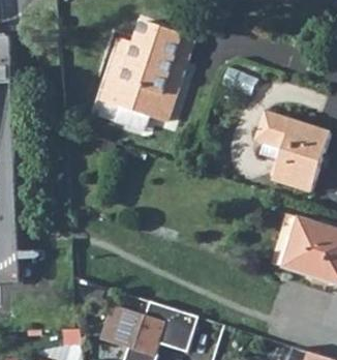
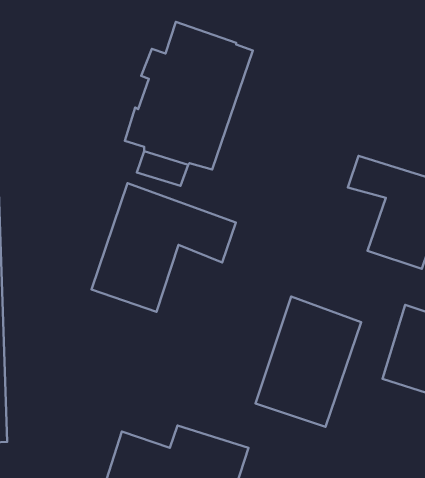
building: none -> [92,183,236,312]
building: none -> [256,297,361,427]

